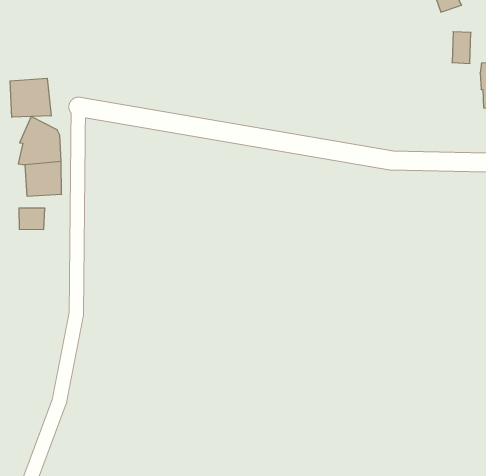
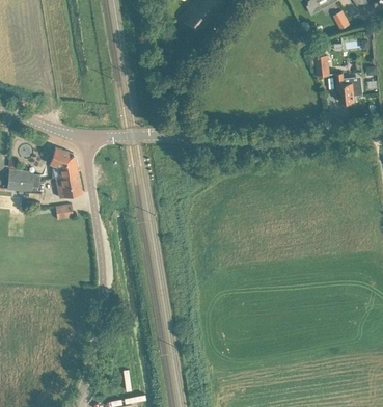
building: [10,78,51,117] -> none

